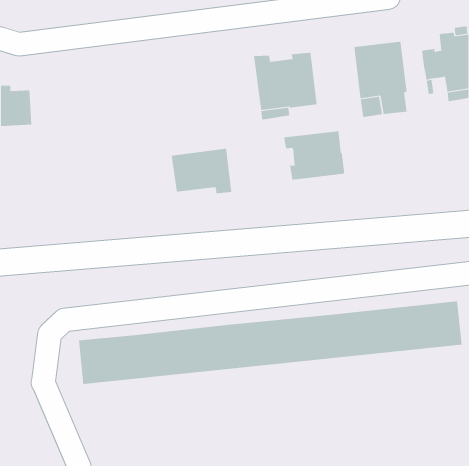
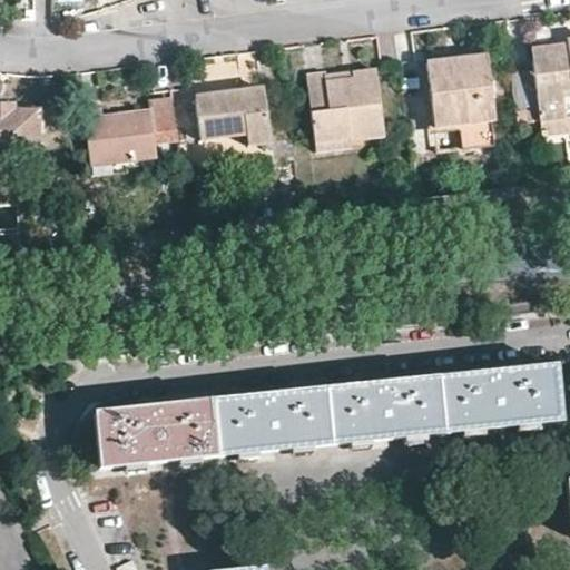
building: none -> [83,96,179,160]
building: [283,130,345,180] -> none
building: [171,148,232,194] -> [196,82,271,138]

